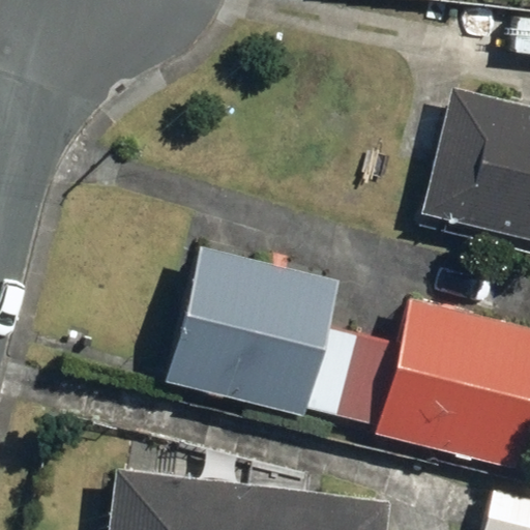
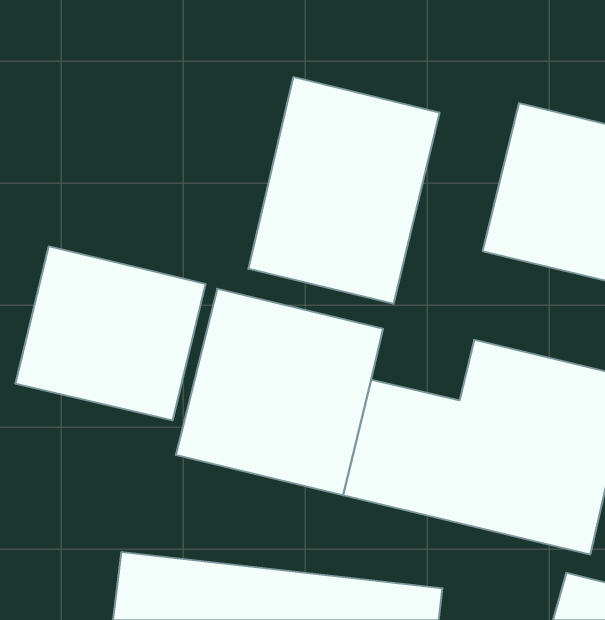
building: none -> [248,77,439,304]
building: none -> [16,246,205,421]

